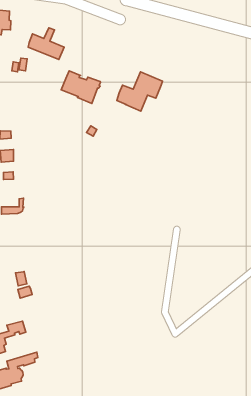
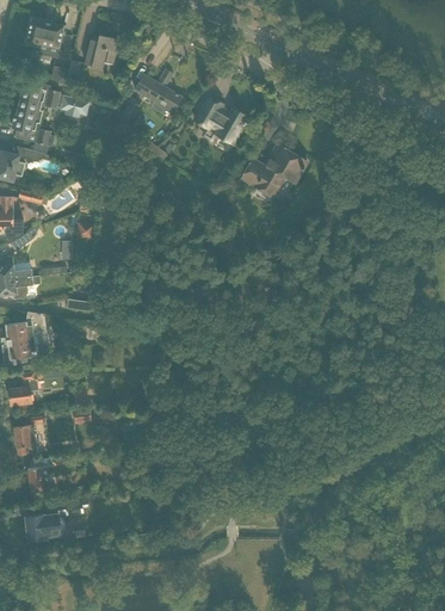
building: [61,71,100,103] -> [193,97,247,144]

